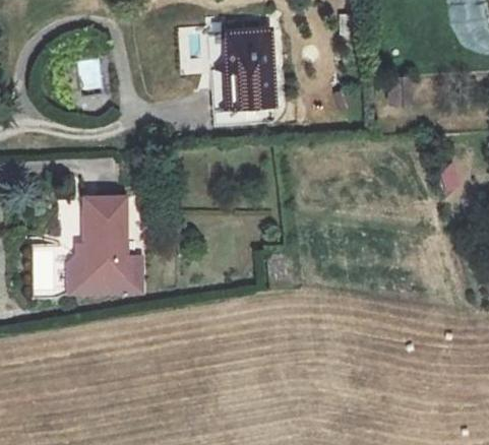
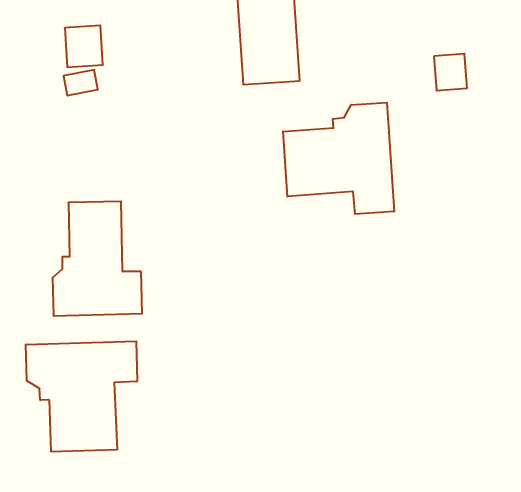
building: none -> [283,103,394,214]
building: none -> [26,341,137,452]

